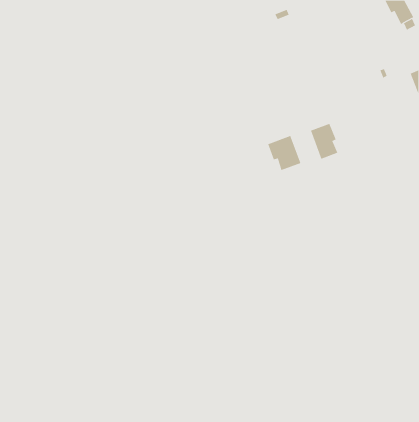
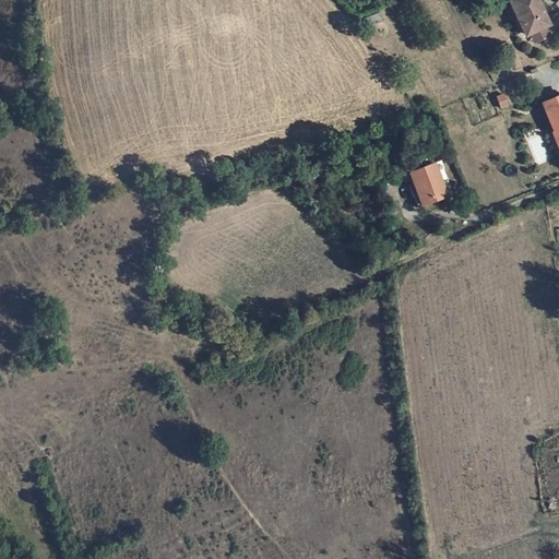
building: [268,135,301,171] -> none

